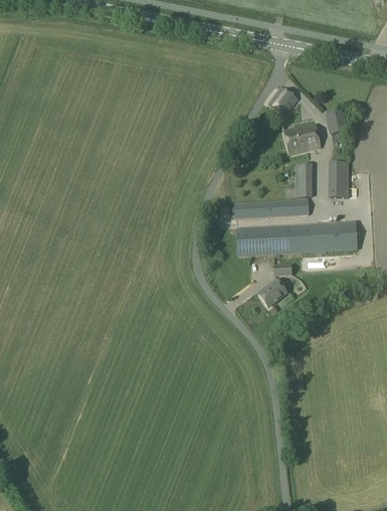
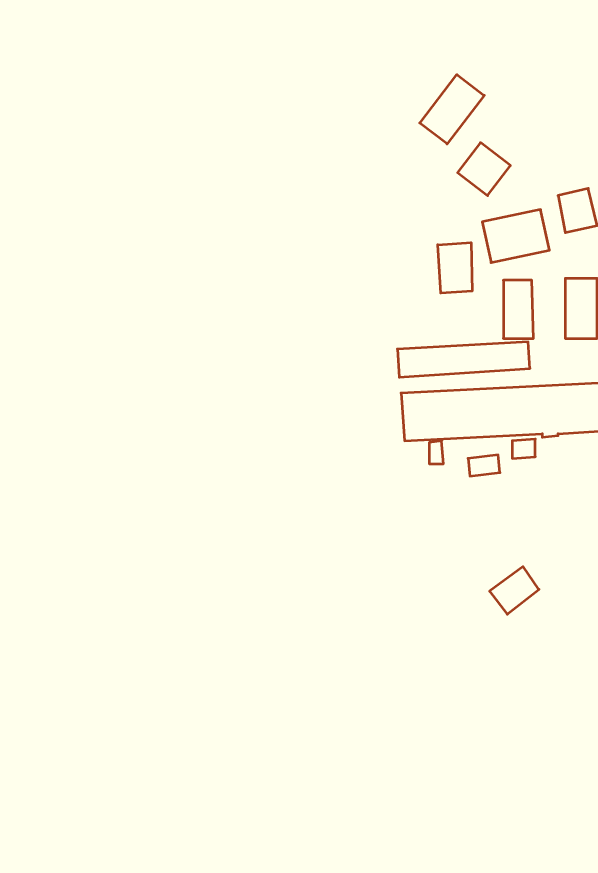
building: none -> [420,75,484,144]
building: none -> [438,243,472,293]
building: [259,279,287,306] -> [490,567,539,614]

